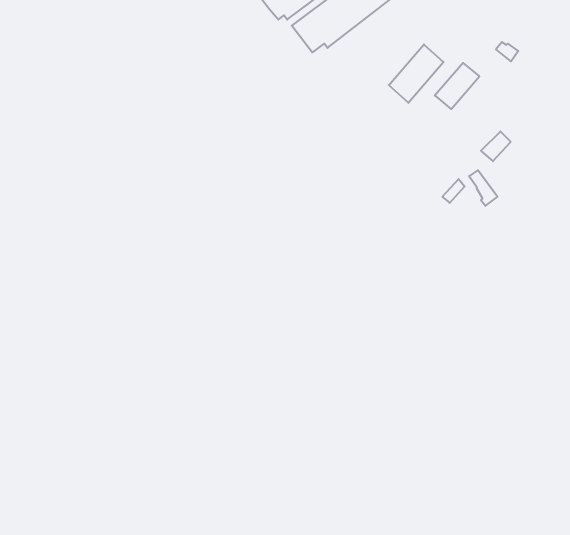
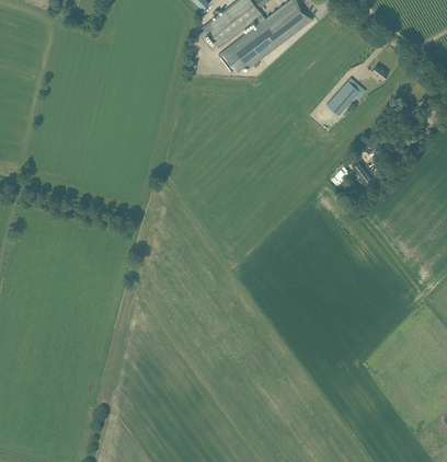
building: [389,44,444,103] -> none

